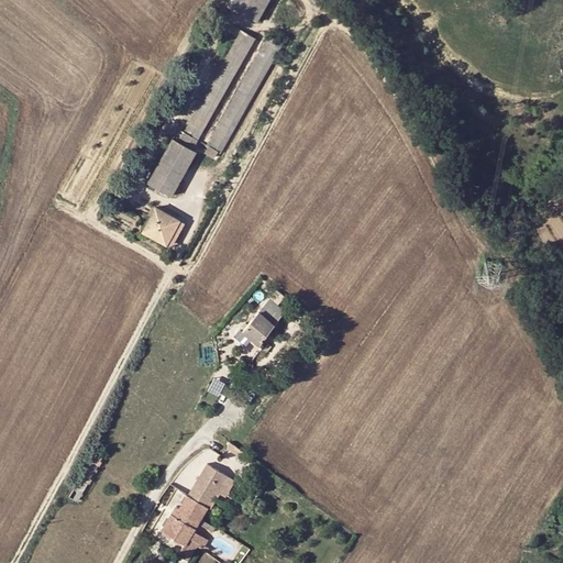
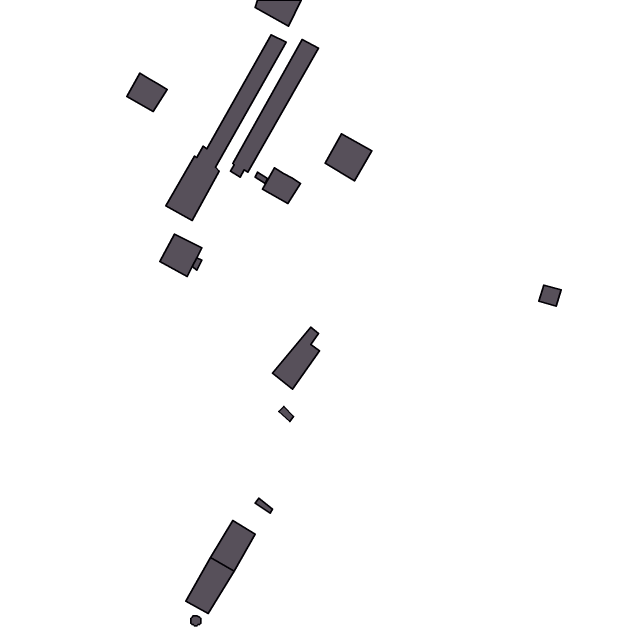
building: none -> [127,73,167,112]
building: none -> [325,134,372,181]
building: none -> [262,168,301,204]

